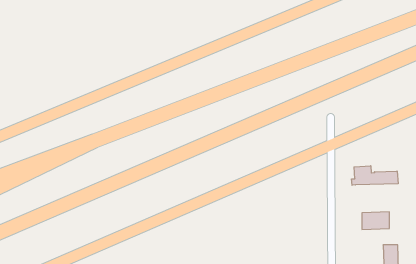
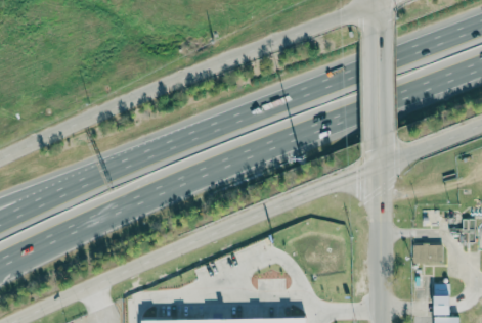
building: [352,166,398,185] -> none

